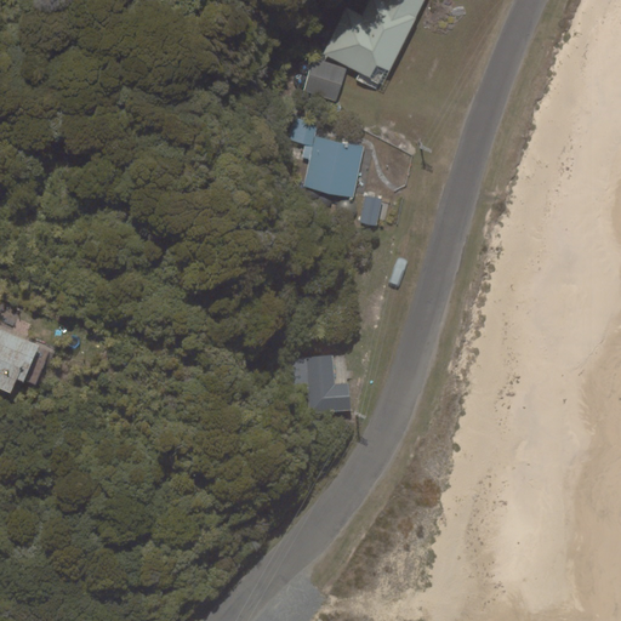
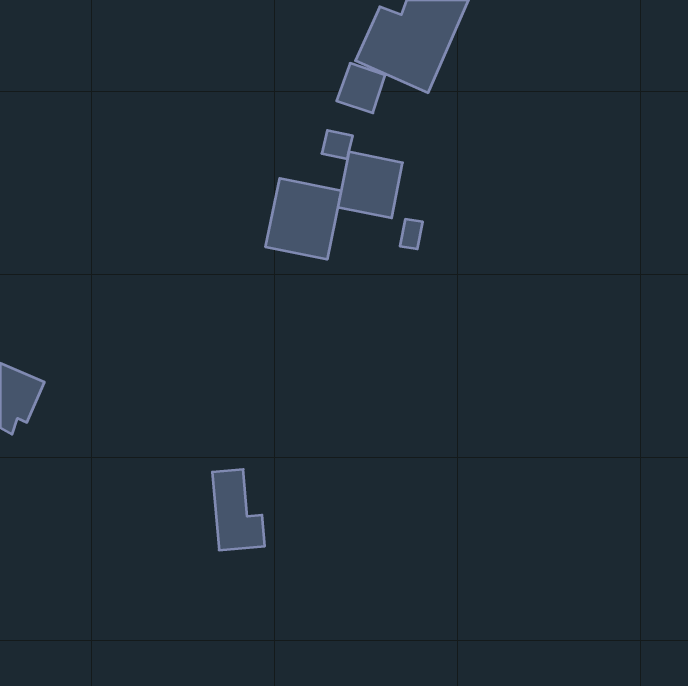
building: none -> [266,178,341,259]
building: [303,342,351,415] -> [212,469,265,550]

